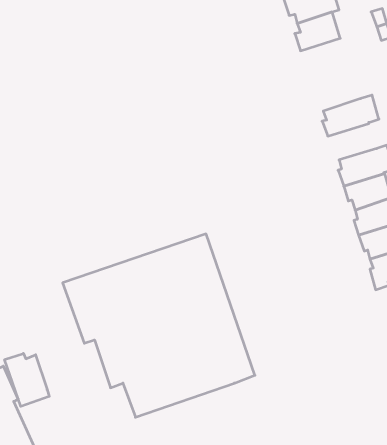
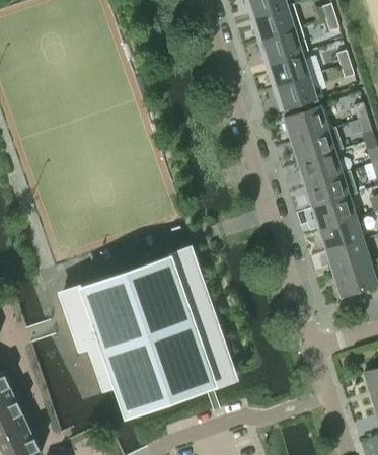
building: none -> [274,77,316,112]
building: none -> [284,108,327,142]
building: none -> [298,153,342,185]
building: [5,353,49,406] -> none

